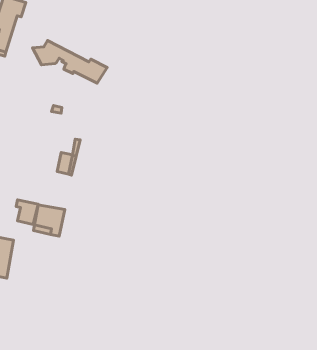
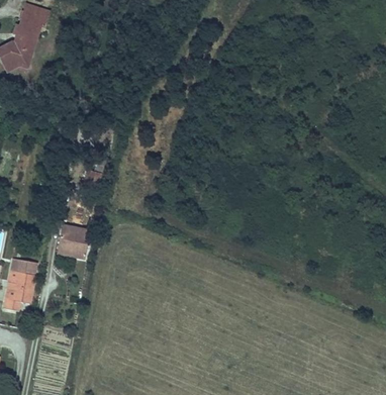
building: [32,41,107,83] -> none
building: [16,200,38,224] -> none

